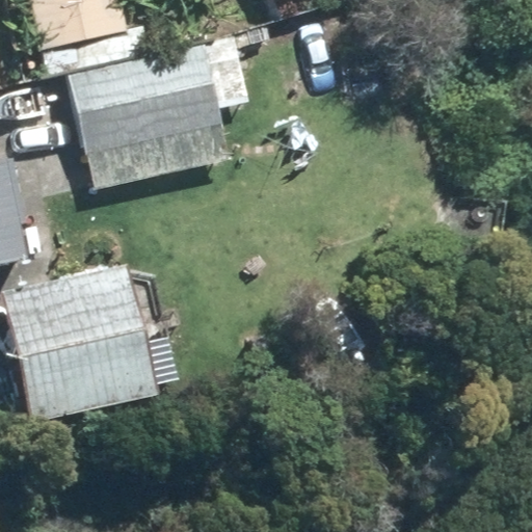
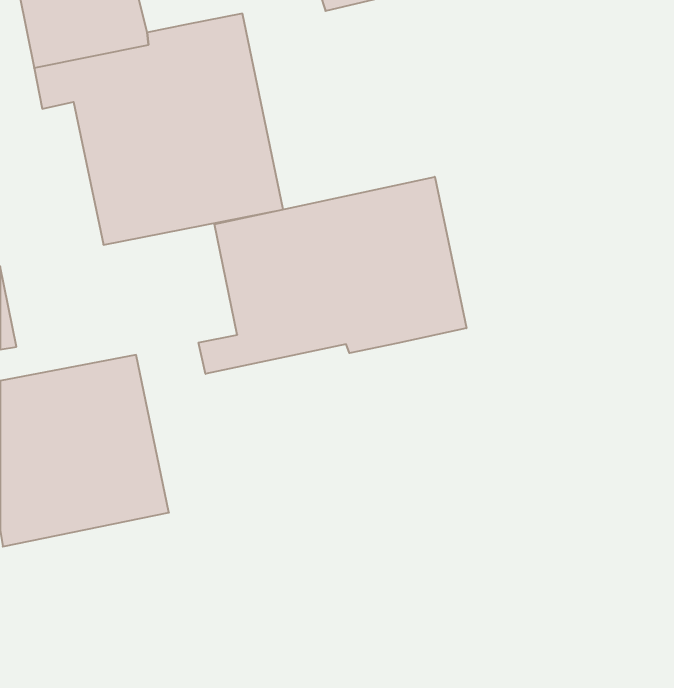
building: none -> [199,177,466,374]

